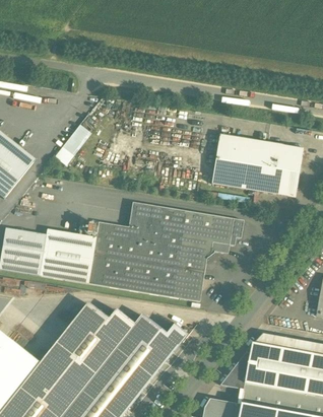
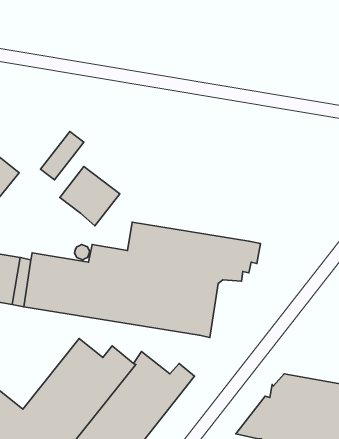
building: [211,134,305,197] -> none
building: none -> [60,167,120,226]

